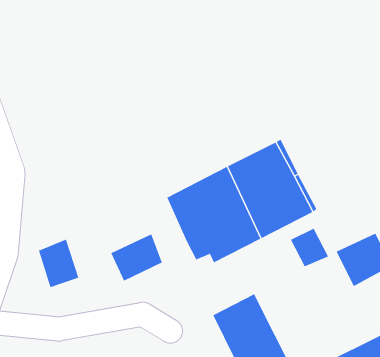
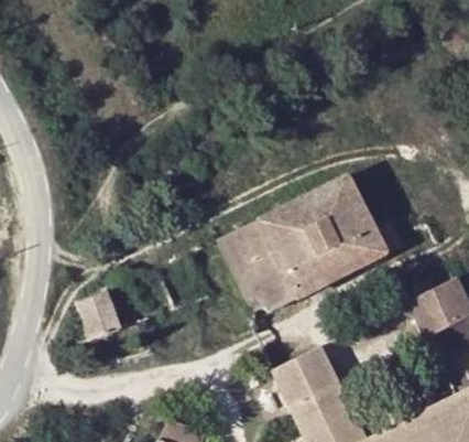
building: [290,228,329,267] -> none
building: [110,233,163,282] -> none

